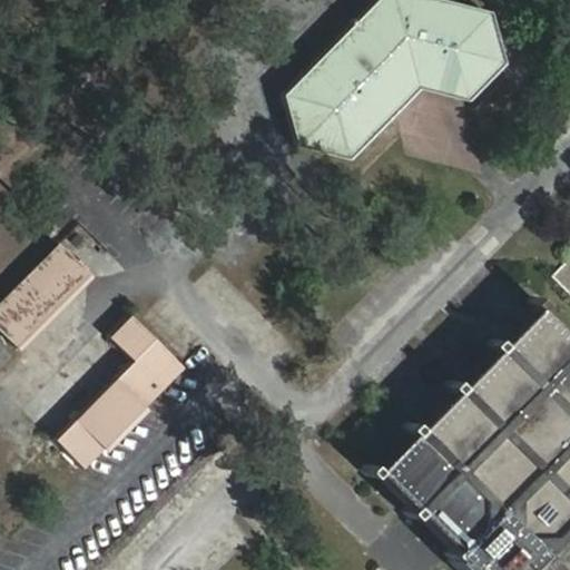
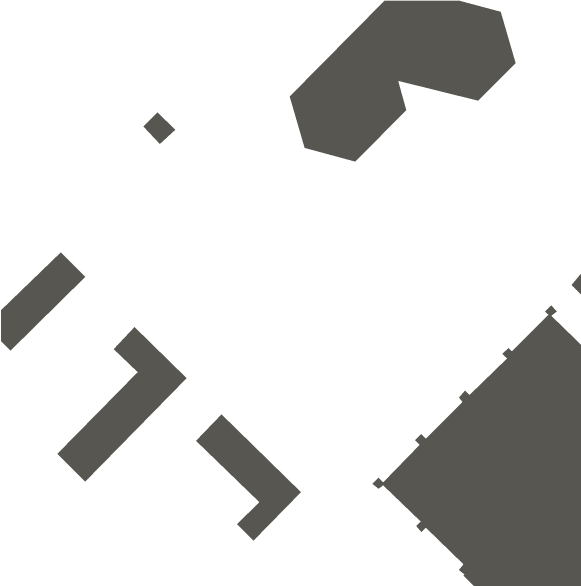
building: none -> [195,413,302,541]

